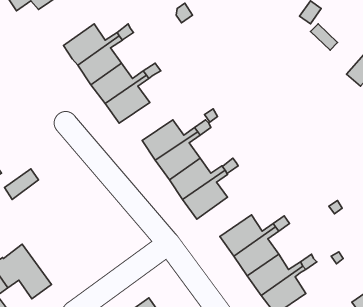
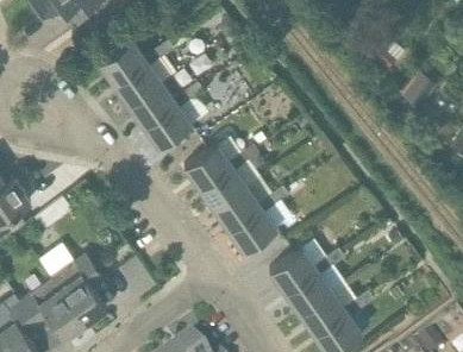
building: none -> [50,253,106,322]

